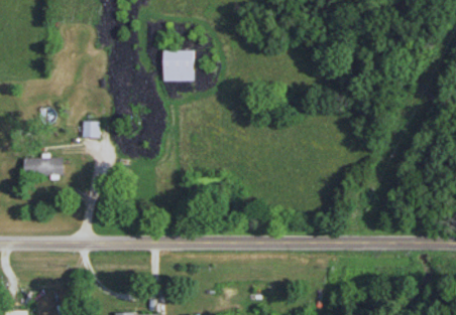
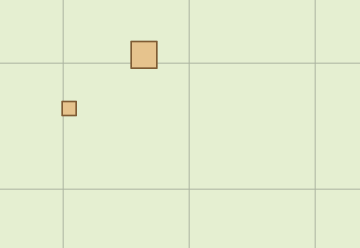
building: [24,158,64,175] -> none

